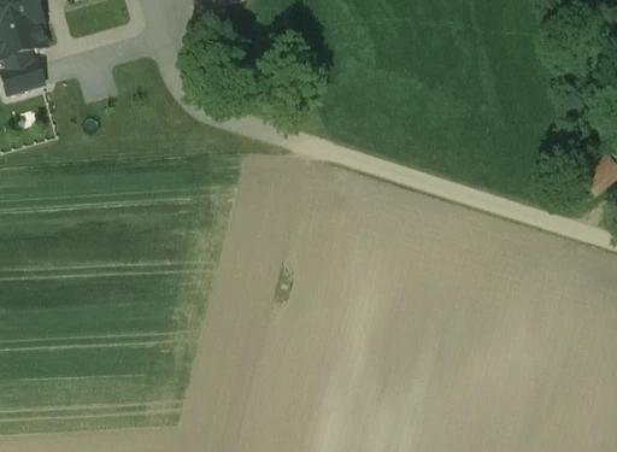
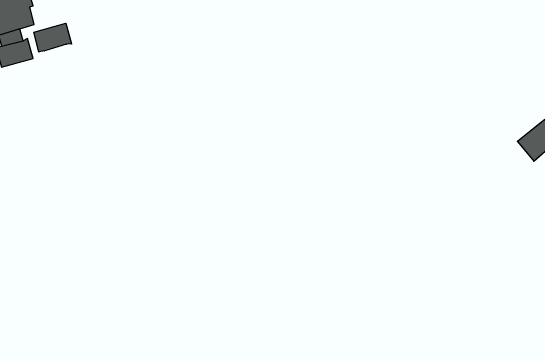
building: none -> [34,23,72,52]

